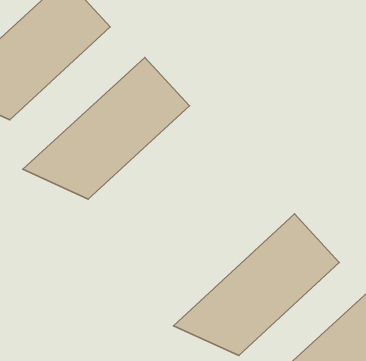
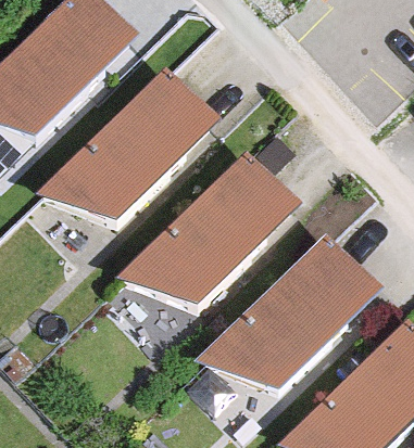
building: none -> [120,151,301,306]

